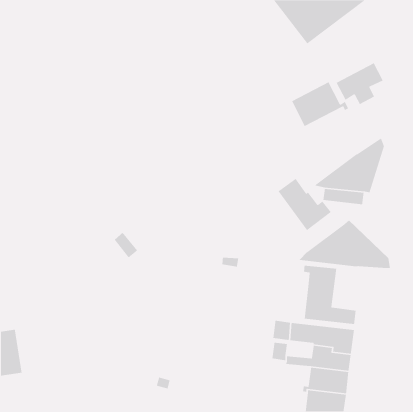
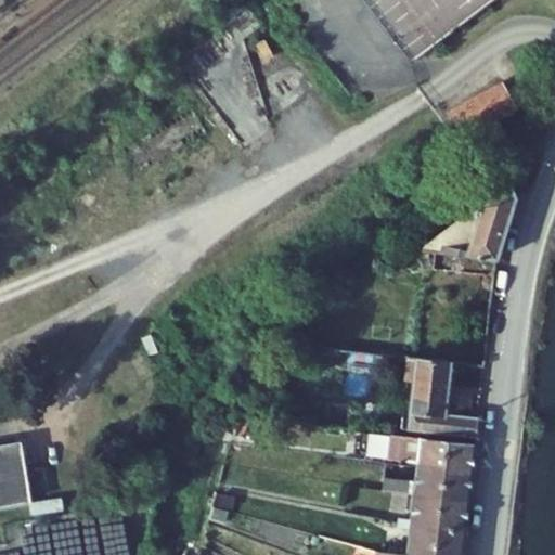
building: [291,81,349,127] -> none
building: [277,178,332,231] -> none
building: [299,220,391,269] -> none

